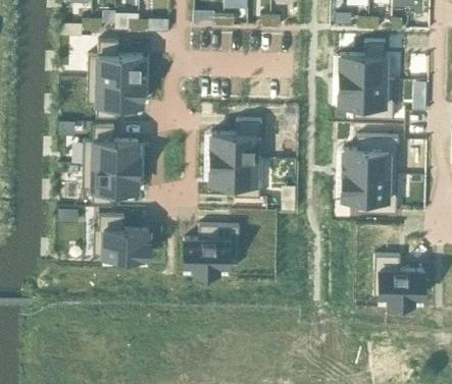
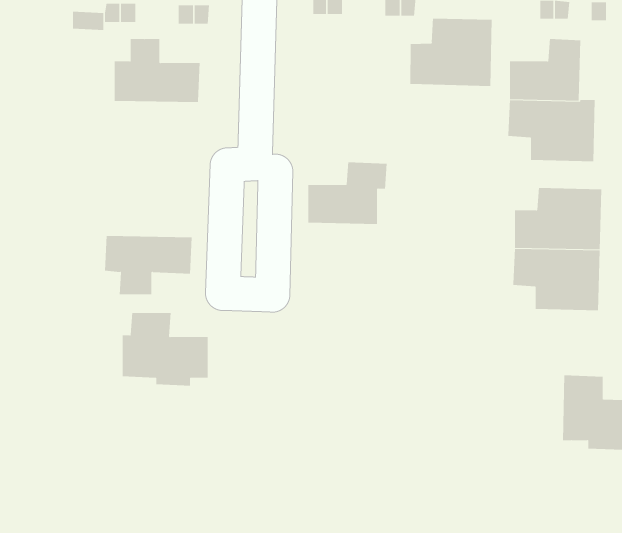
building: none -> [410,18,492,87]
building: [88,80,143,118] -> none
building: [84,125,139,167] -> none
building: [211,158,262,198] -> none
building: [185,224,240,271] -> none

